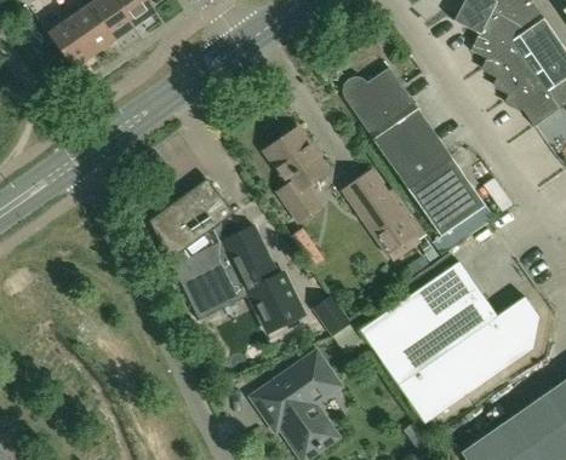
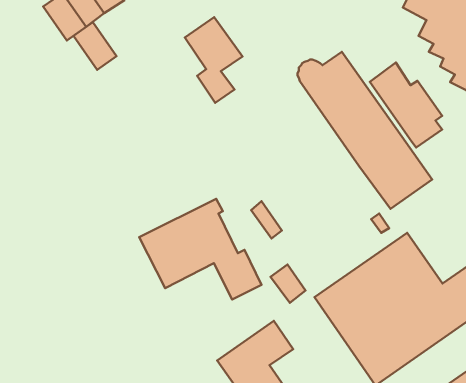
building: [48,18,95,69] -> [73,22,116,70]
building: [267,128,328,220] -> [185,17,242,103]
building: [343,168,421,259] -> [370,63,442,147]
building: [150,180,234,261] -> none

